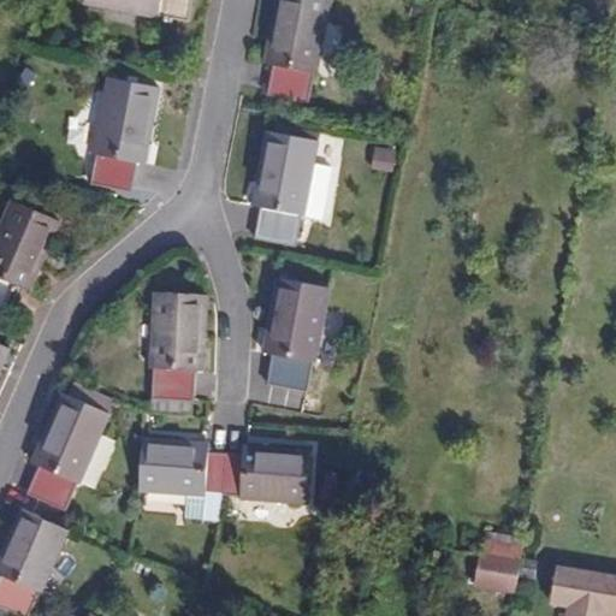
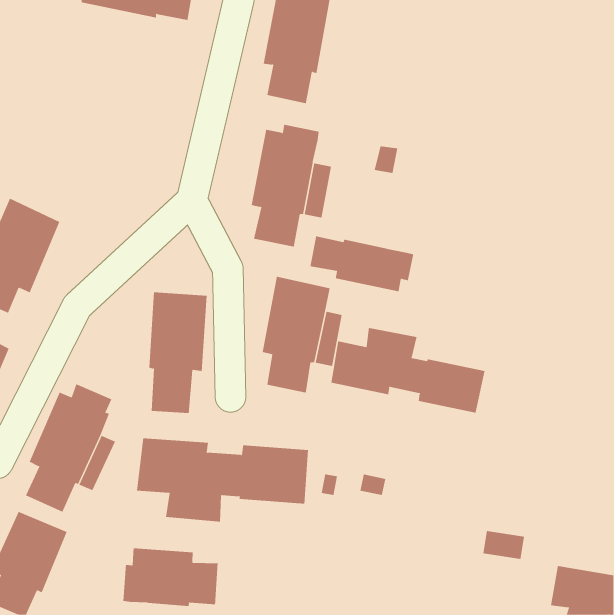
building: [89,77,159,192] -> none
building: none -> [310,236,414,292]
building: none -> [331,327,485,414]
building: none -> [123,547,218,607]
building: [472,552,520,592] -> none

